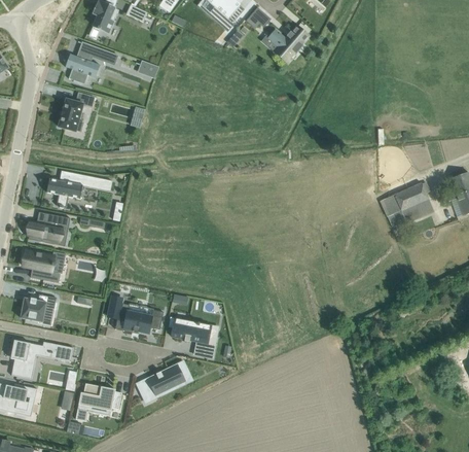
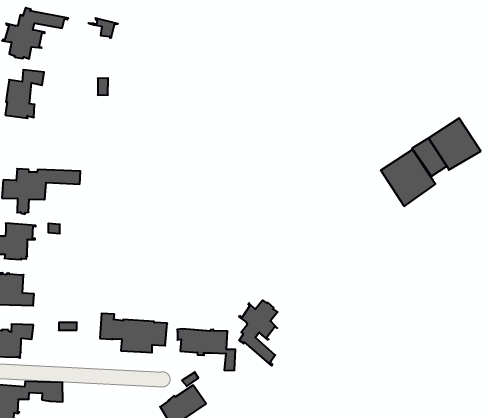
building: none -> [381,150,435,206]
building: none -> [239,300,278,366]

